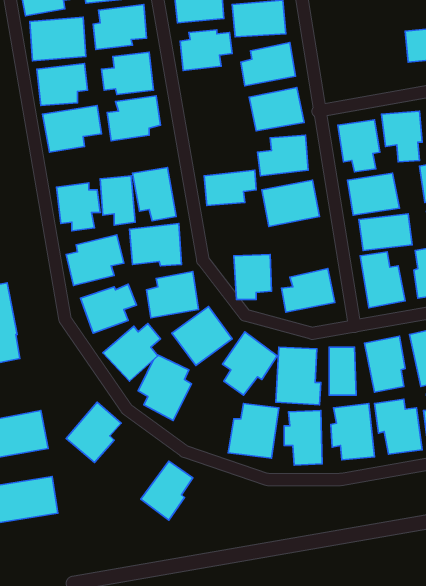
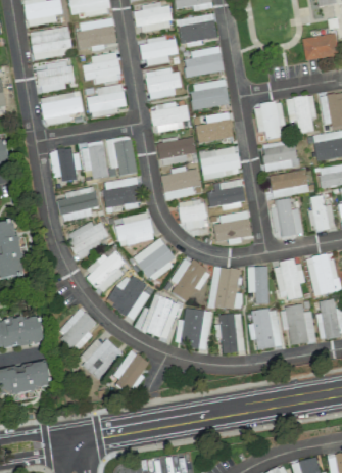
building: none -> [146,67,182,98]
building: none -> [150,101,190,132]
building: none -> [161,165,200,199]
building: none -> [207,179,245,209]
building: none -> [141,293,181,339]
building: none -> [77,334,121,379]

